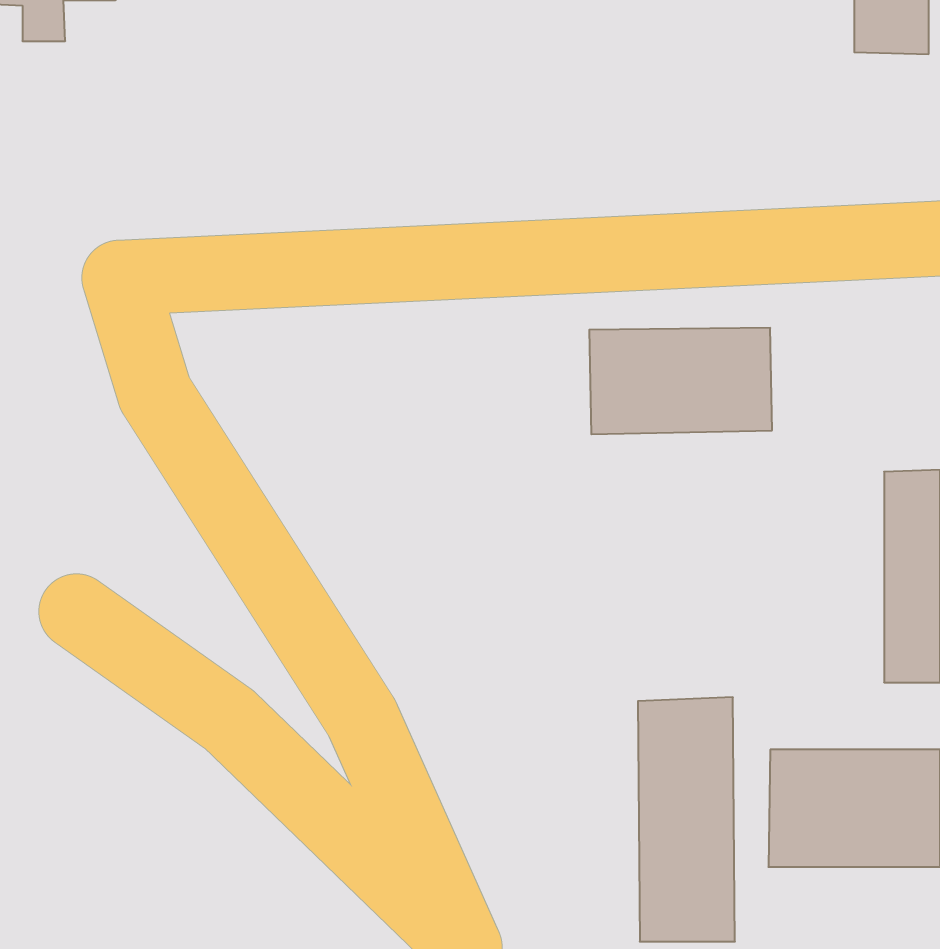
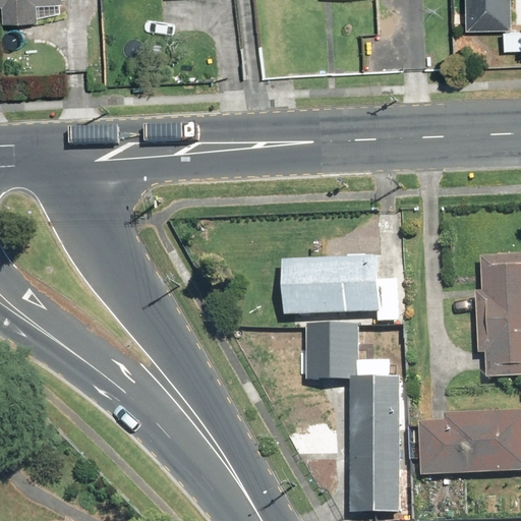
building: [589,328,772,434] -> [284,254,384,312]
building: none -> [306,319,357,380]

